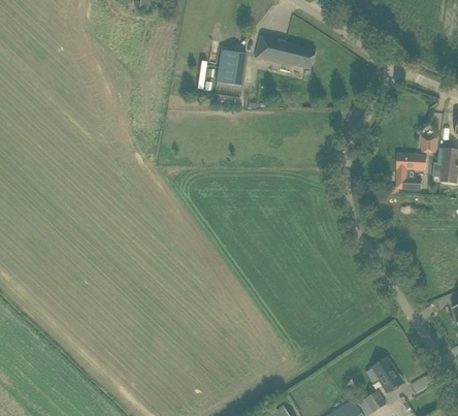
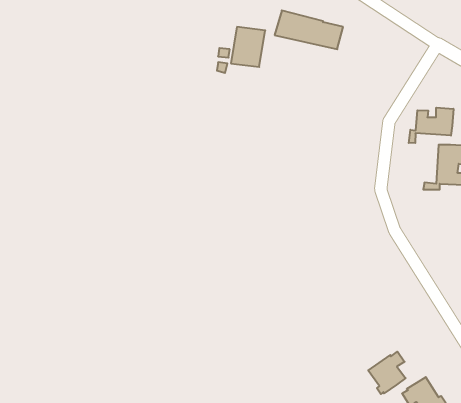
building: none -> [409,108,453,143]
building: none -> [368,352,406,394]

